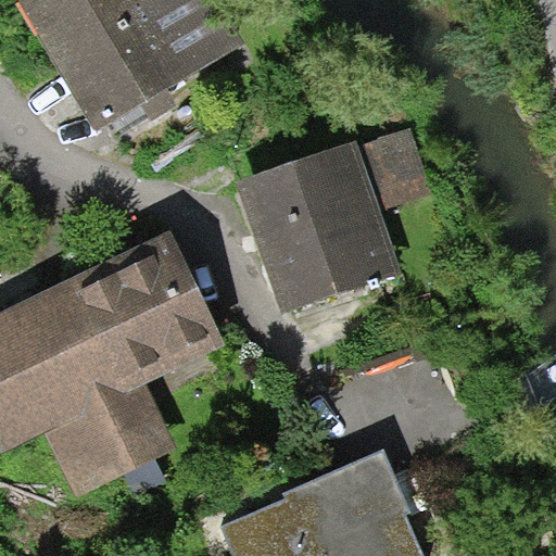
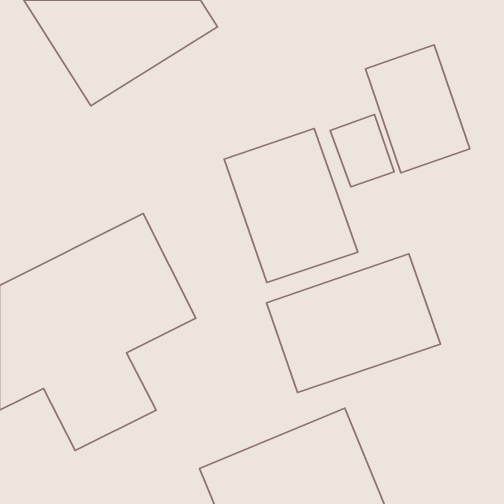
building: none -> [366,45,470,173]
building: none -> [266,254,441,392]

